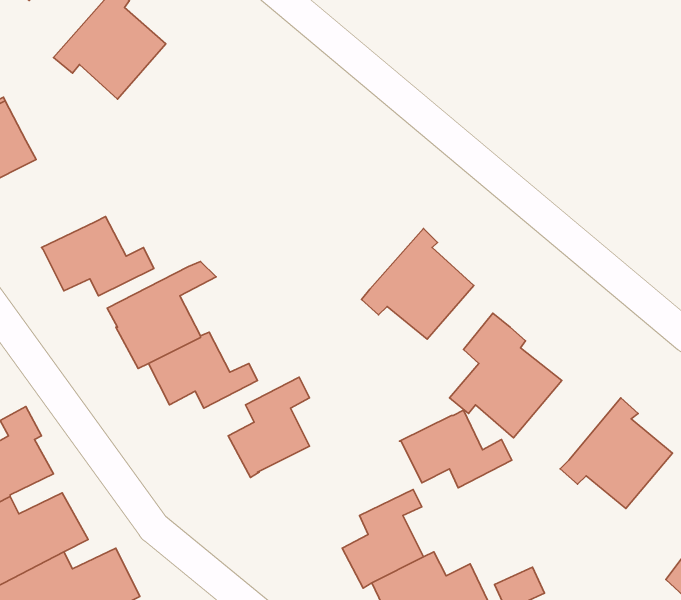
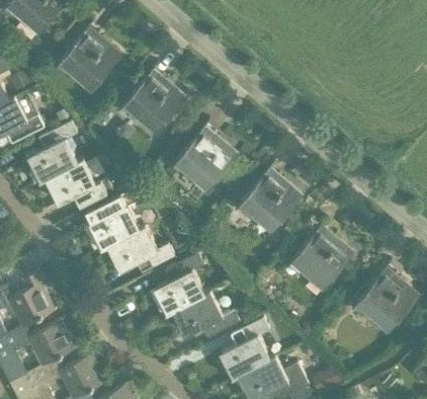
building: none -> [119,69,184,133]
building: none -> [30,123,79,182]
building: none -> [170,125,237,190]
building: [399,410,512,488] -> [174,292,240,337]

